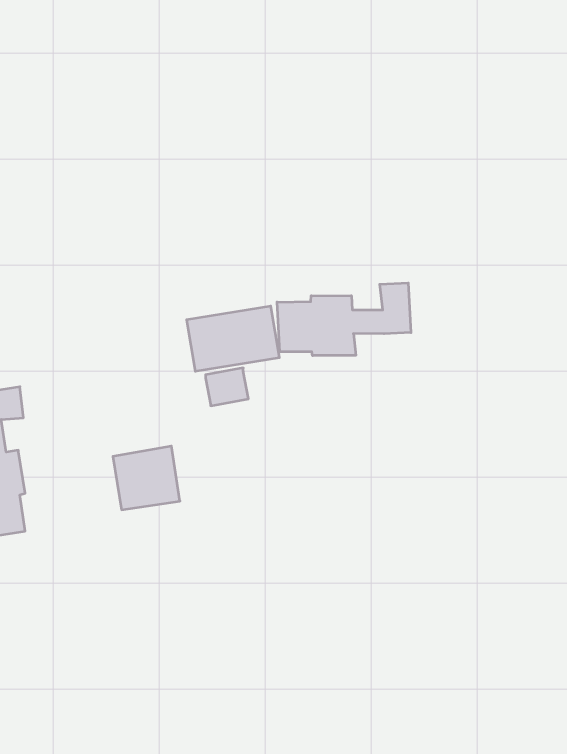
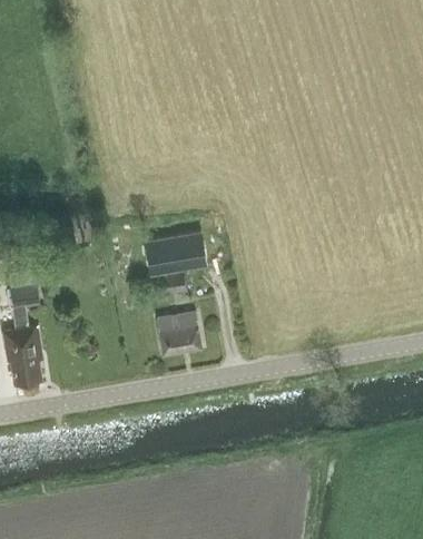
building: [277,283,411,356] -> none
building: [113,446,180,510] -> [157,314,200,355]

